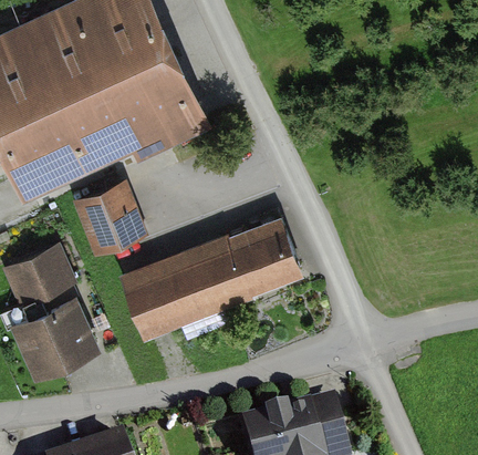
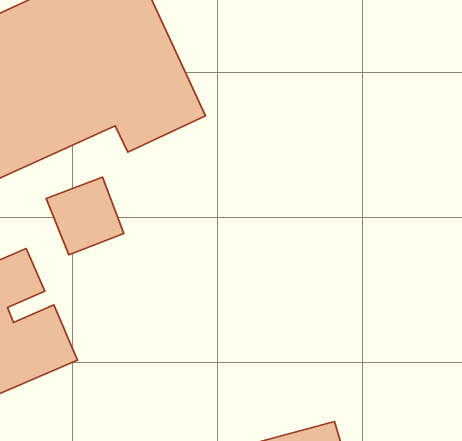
building: [118,220,297,331] -> none

